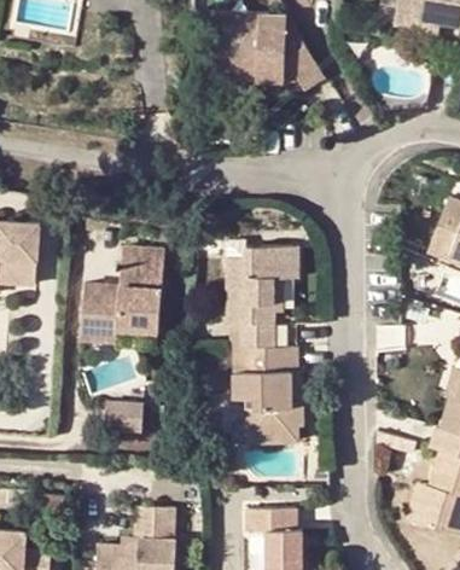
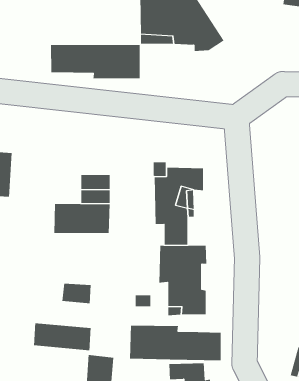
building: none -> [50,44,140,79]
building: none -> [34,322,91,351]
building: none -> [130,325,221,361]

